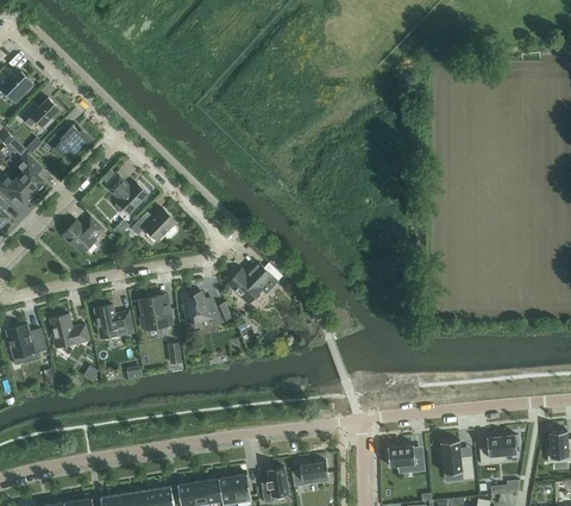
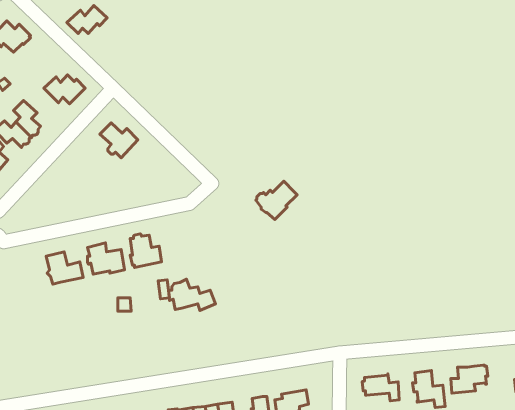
building: [19,98,62,127] -> [67,6,107,34]
building: [131,210,176,242] -> none
building: [62,217,103,254] -> none
building: [228,263,272,304] -> [256,181,297,219]
building: [181,292,231,325] -> [169,279,216,310]
building: [6,325,46,364] -> none

